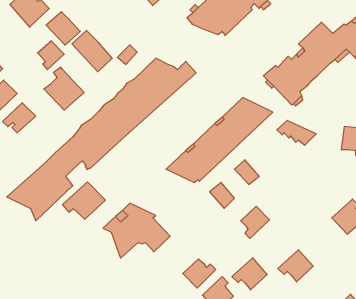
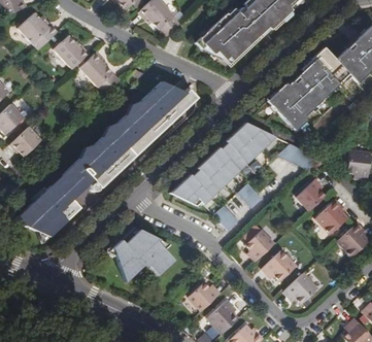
building: [37,41,64,70] -> none
building: [44,67,84,110] -> none
building: none -> [296,178,325,210]
building: none -> [314,200,346,234]
building: [63,182,105,219] -> none
building: [232,258,267,290] -> [261,249,296,281]

